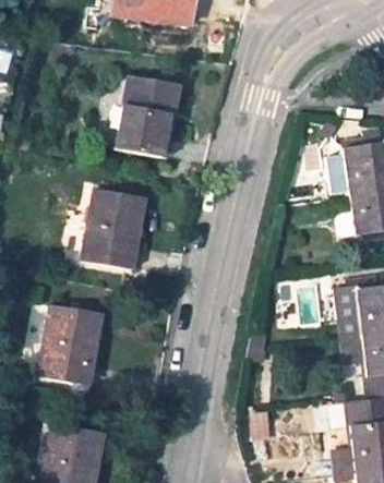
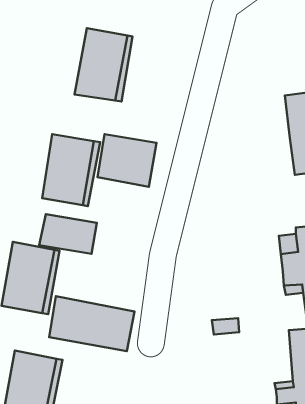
building: none -> [97,134,156,187]
building: none -> [39,214,97,254]
building: none -> [49,296,134,351]

